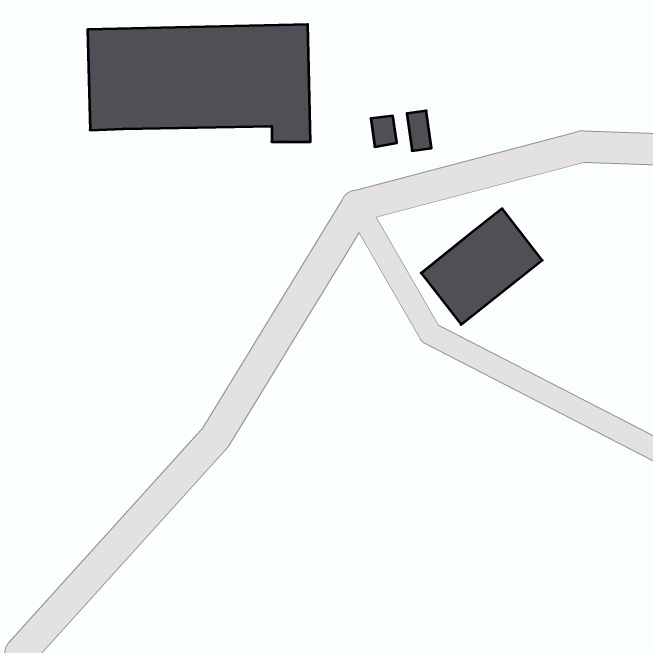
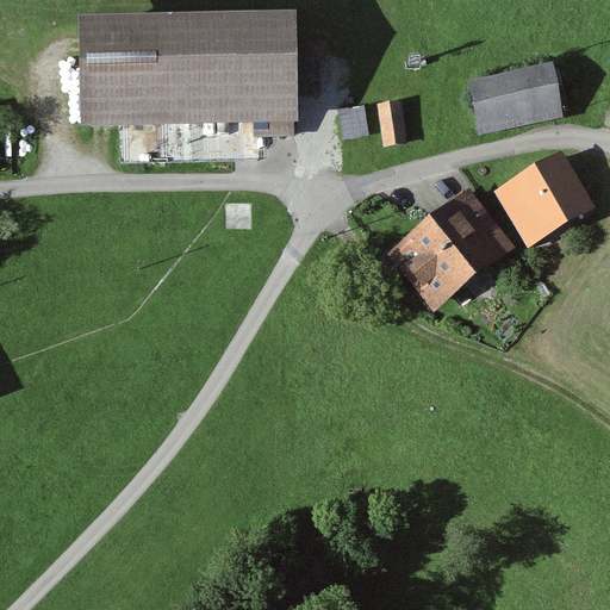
building: none -> [471,68,561,124]
building: none -> [499,154,589,238]

